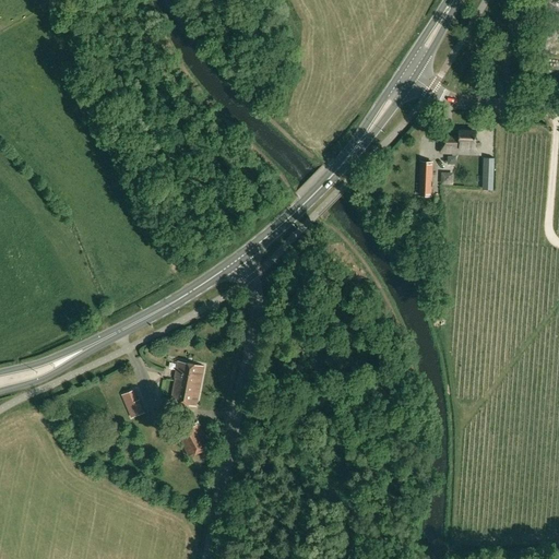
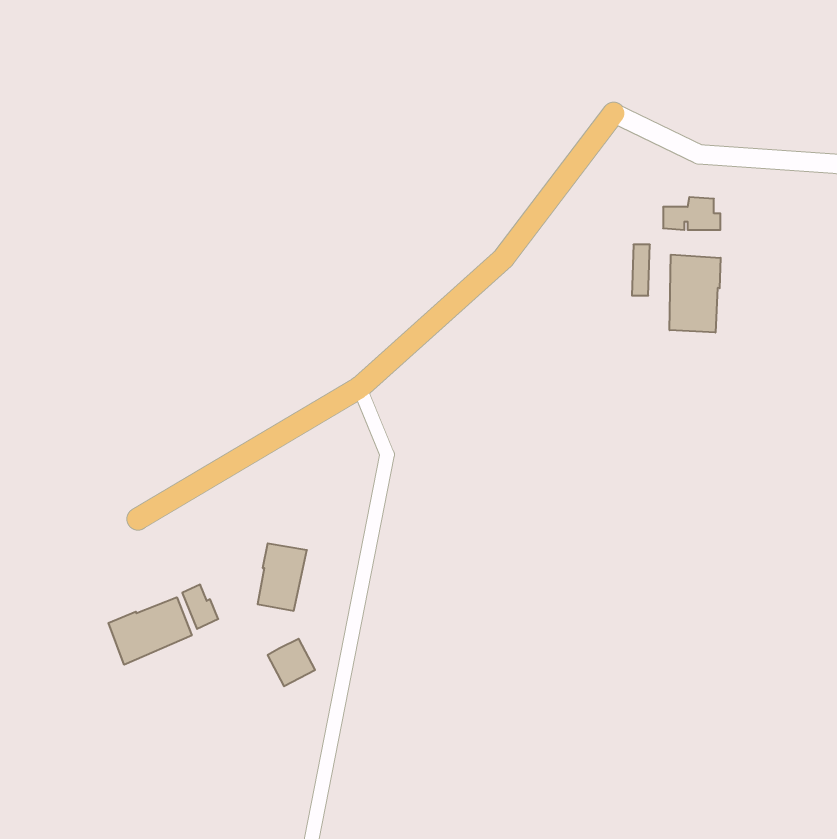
building: none -> [670,255,721,333]
building: none -> [108,597,192,665]

